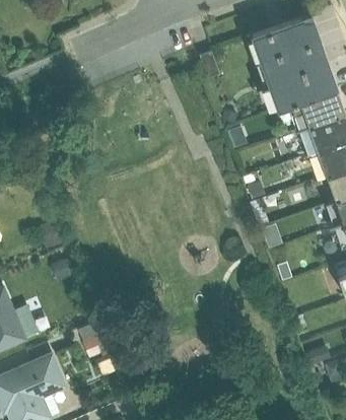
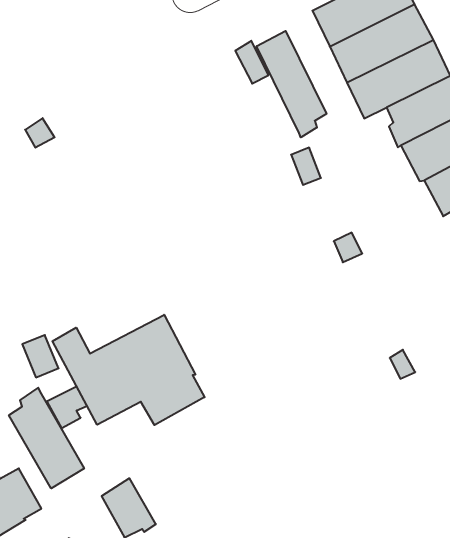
building: none -> [257,31,326,137]
building: none -> [52,315,205,425]
building: none -> [9,388,84,488]

